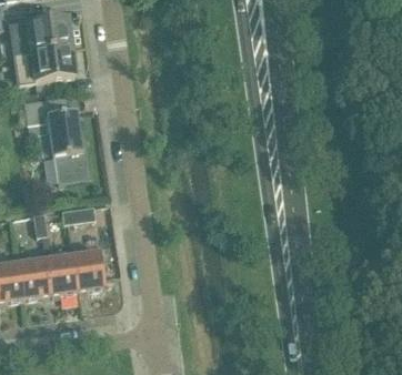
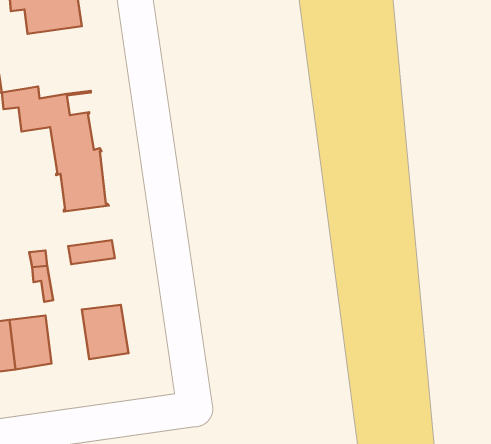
building: [24,45,74,81] -> none
building: [44,254,77,294] -> none

